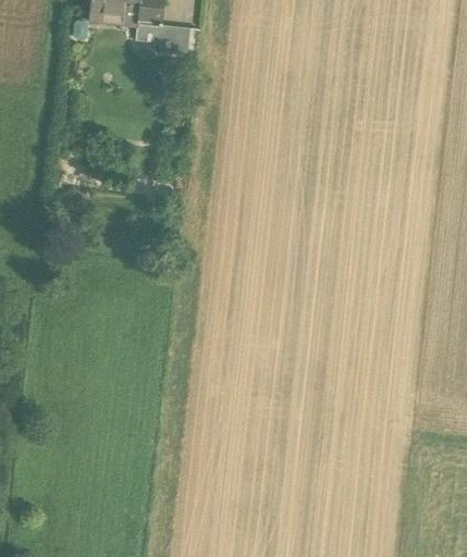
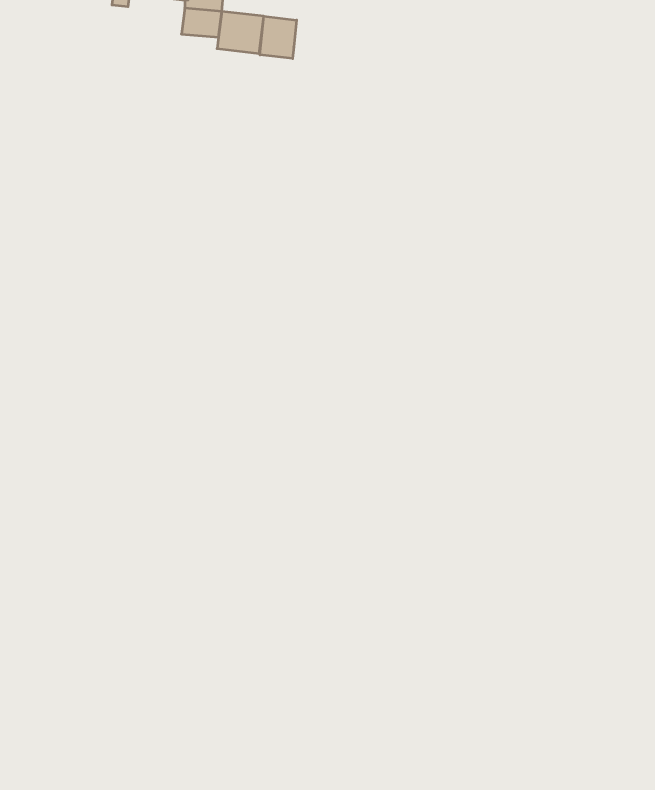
building: none -> [260,16,297,59]

